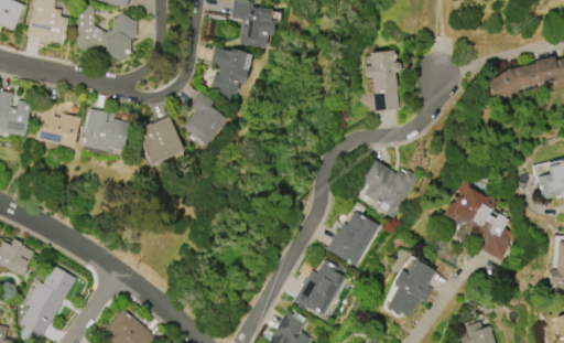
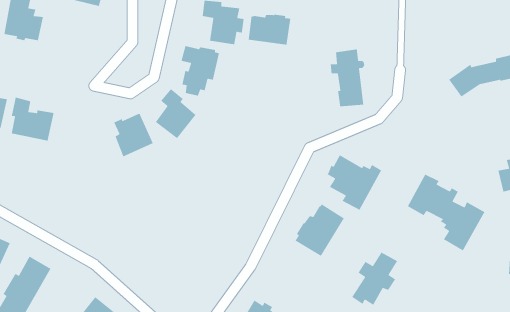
building: [76,7,137,60] -> none
building: none -> [248,14,291,46]
building: [83,108,130,151] -> none
building: [294,259,346,315] -> none

